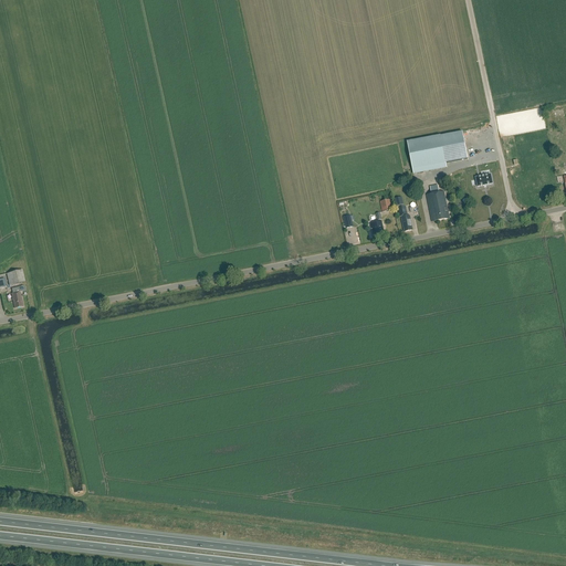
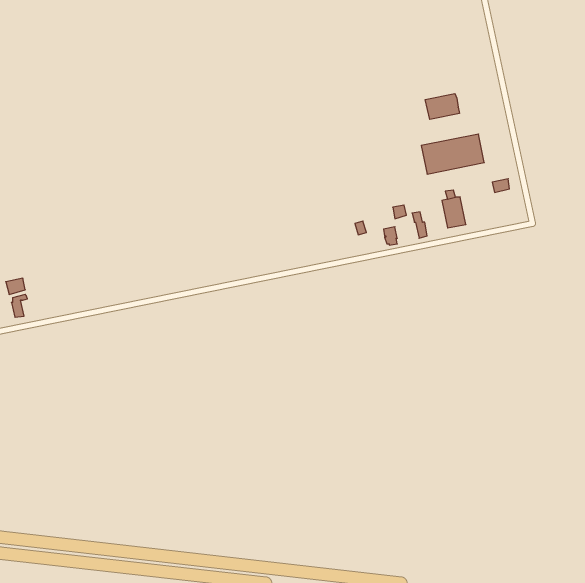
building: none -> [425,94,459,119]

